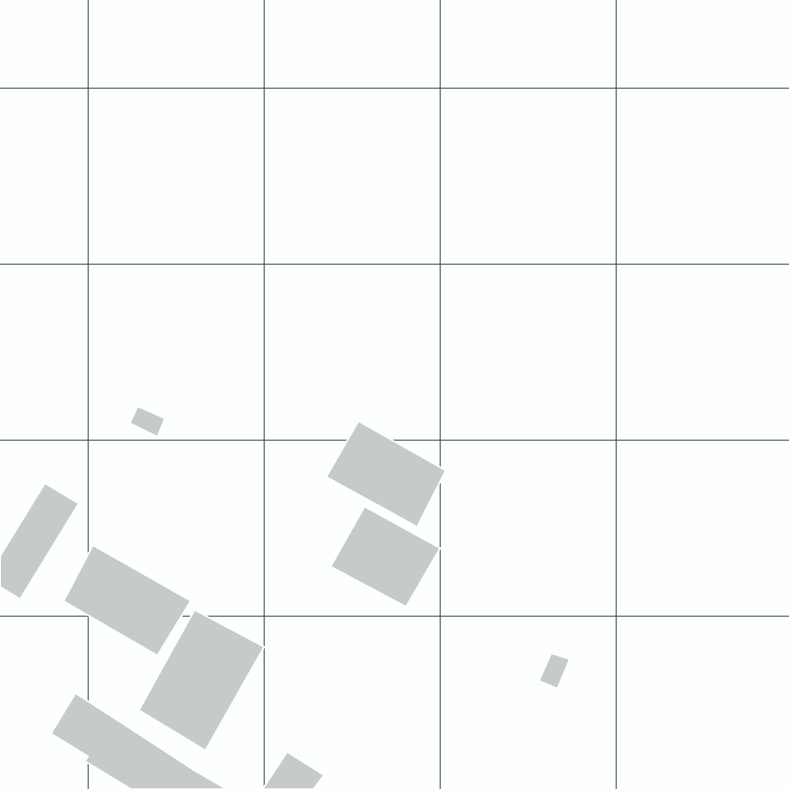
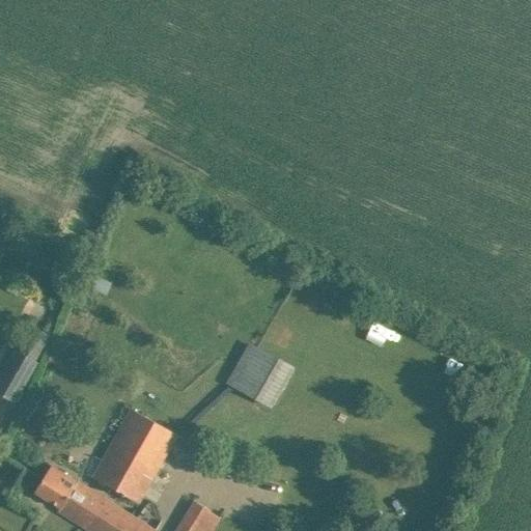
building: [326,421,446,527] -> none
building: [64,545,191,656] -> none

